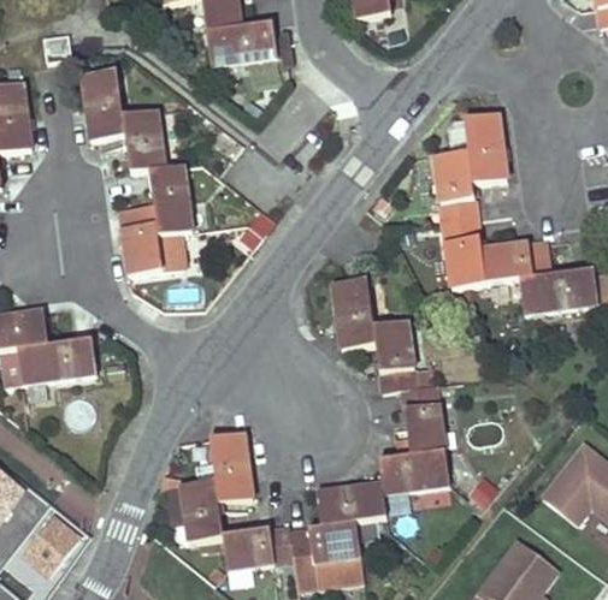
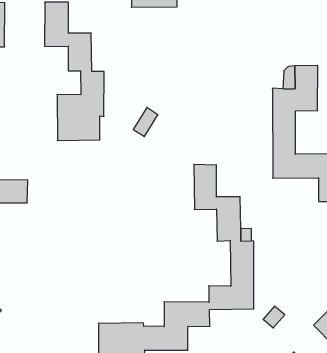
building: [179,433,253,540] -> none

